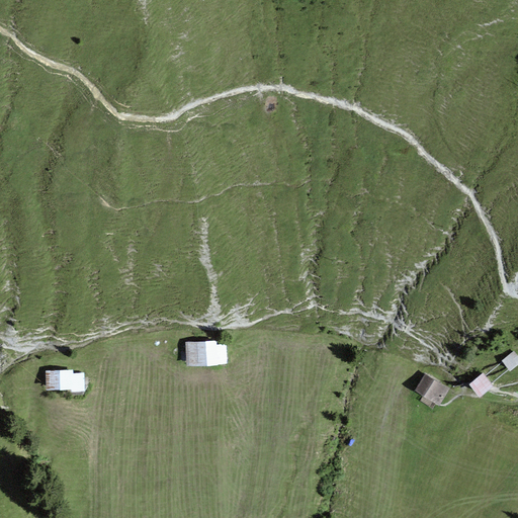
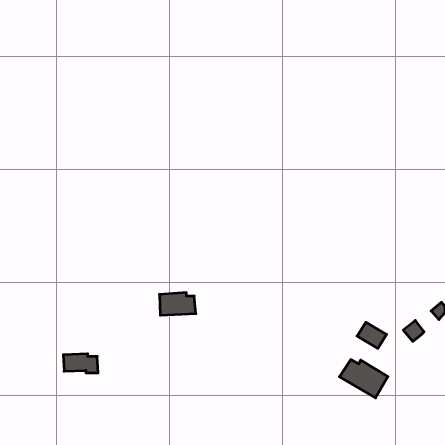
building: [45,369,85,392] -> [63,354,98,373]
building: none -> [339,360,388,398]

